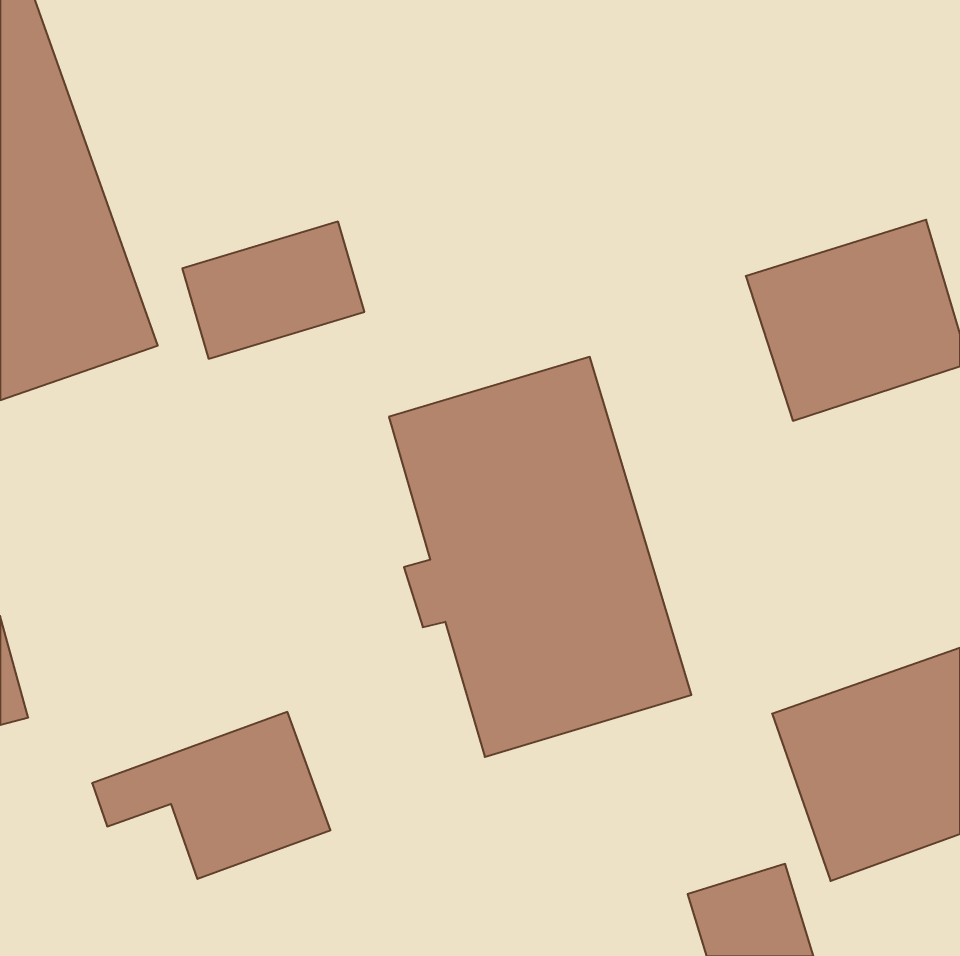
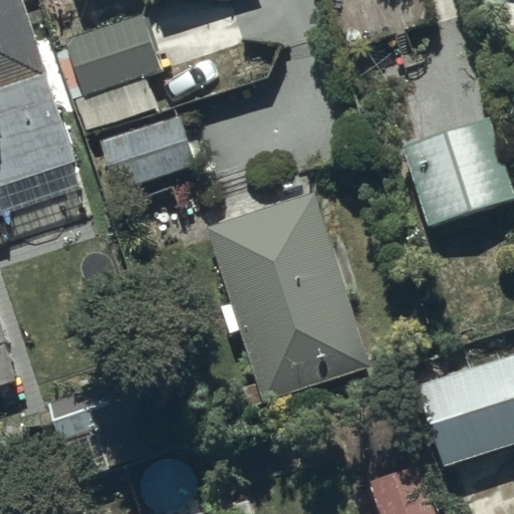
building: none -> [62,13,155,127]

